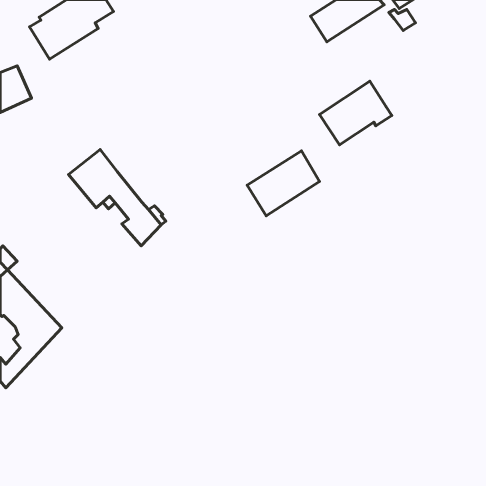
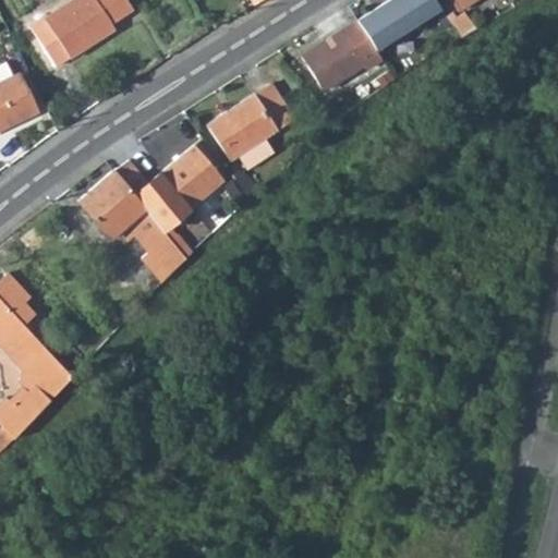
building: [319,81,392,145] -> [299,19,381,92]
building: none -> [135,146,223,231]
building: [247,151,319,216] -> [210,85,293,159]

